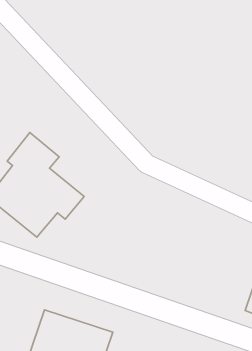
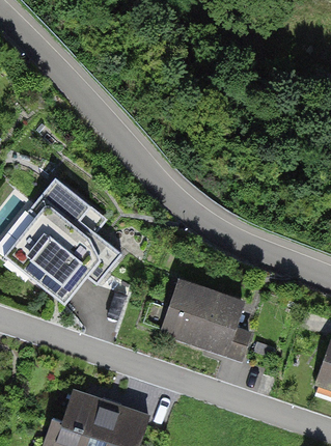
building: none -> [160,280,246,356]

